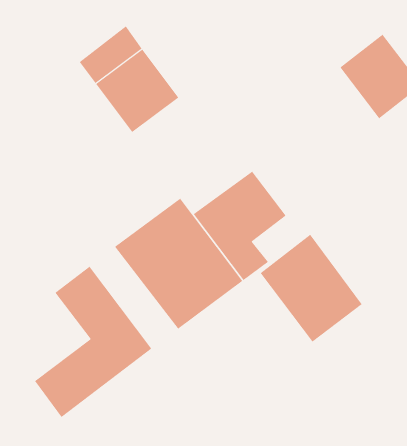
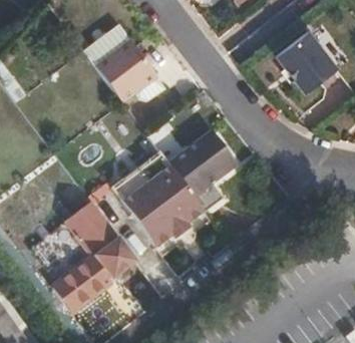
building: [260,234,363,343] -> none

